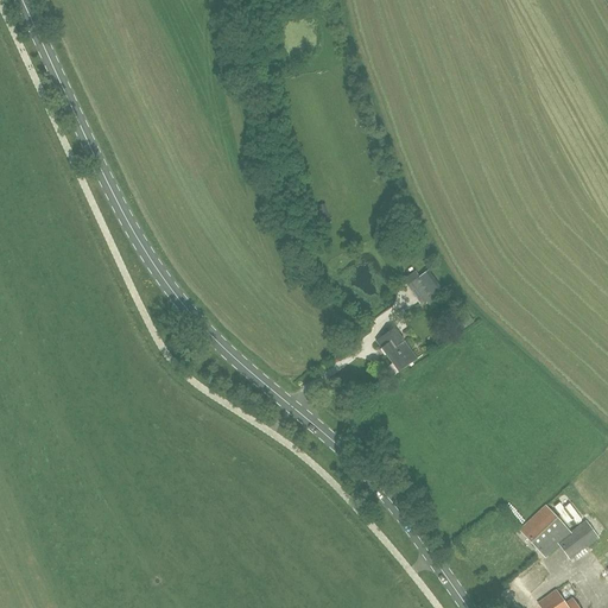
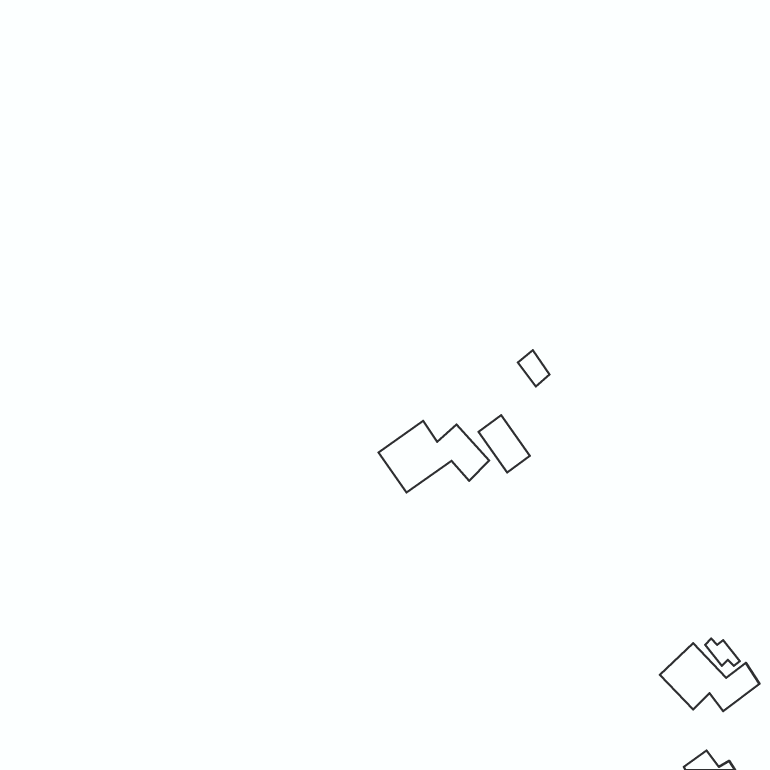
building: none -> [378,421,489,492]

